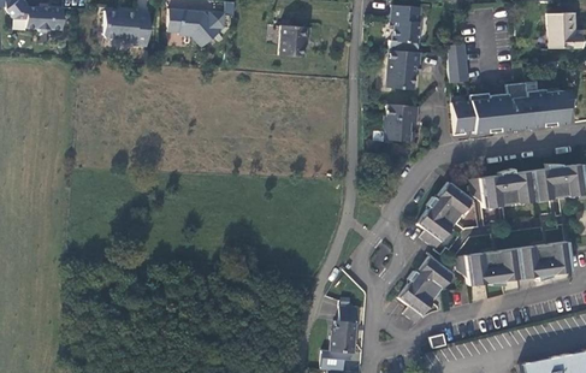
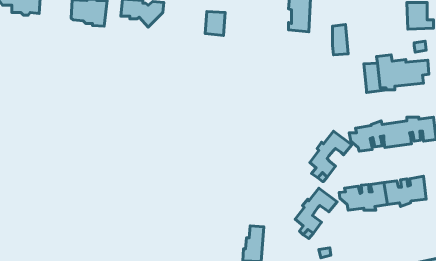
building: [386,49,420,89] -> none
building: [450,93,492,132] -> none
building: [381,103,418,141] -> none

